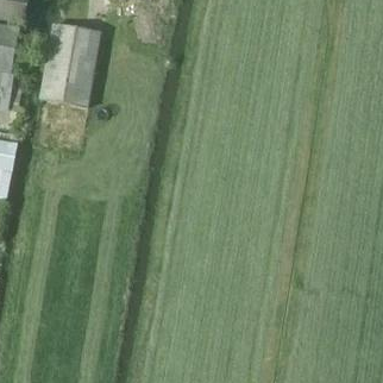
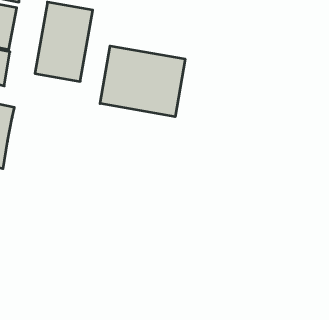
building: none -> [100,46,185,117]

